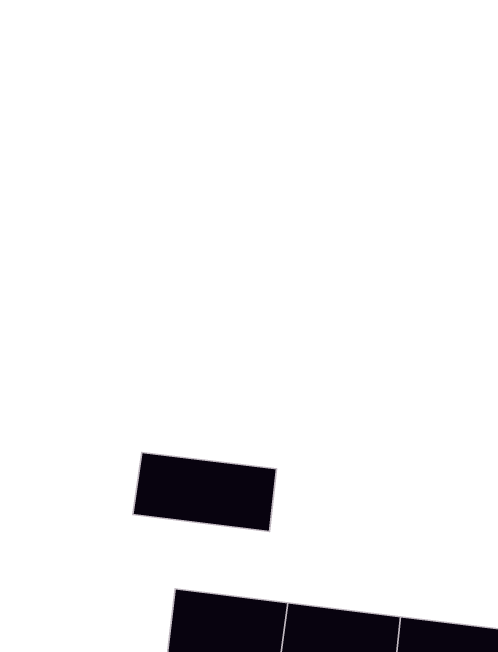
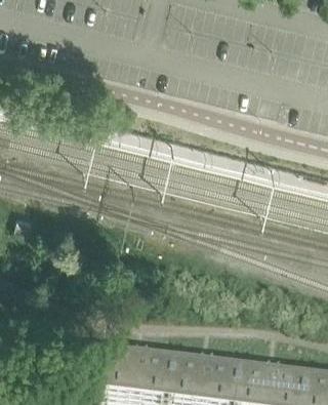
building: [133,452,276,532] -> none

